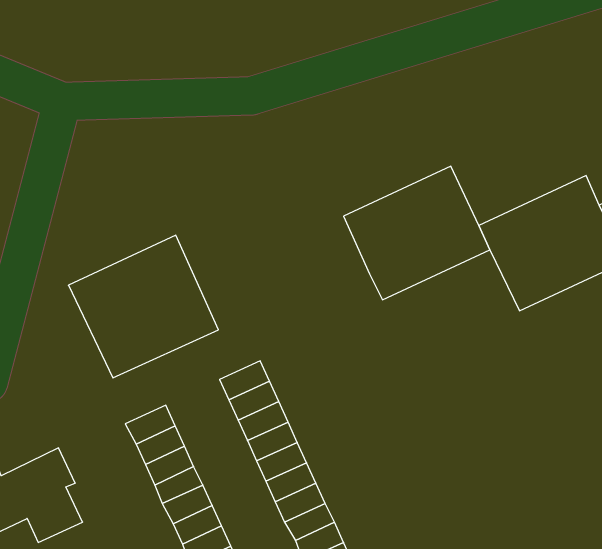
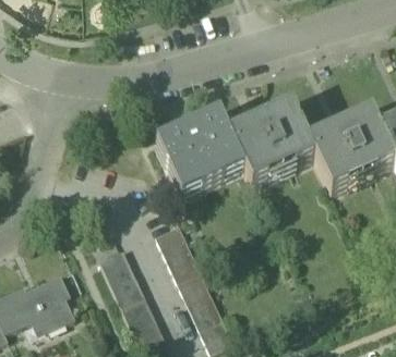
building: [68,235,218,378] -> [153,113,241,197]

